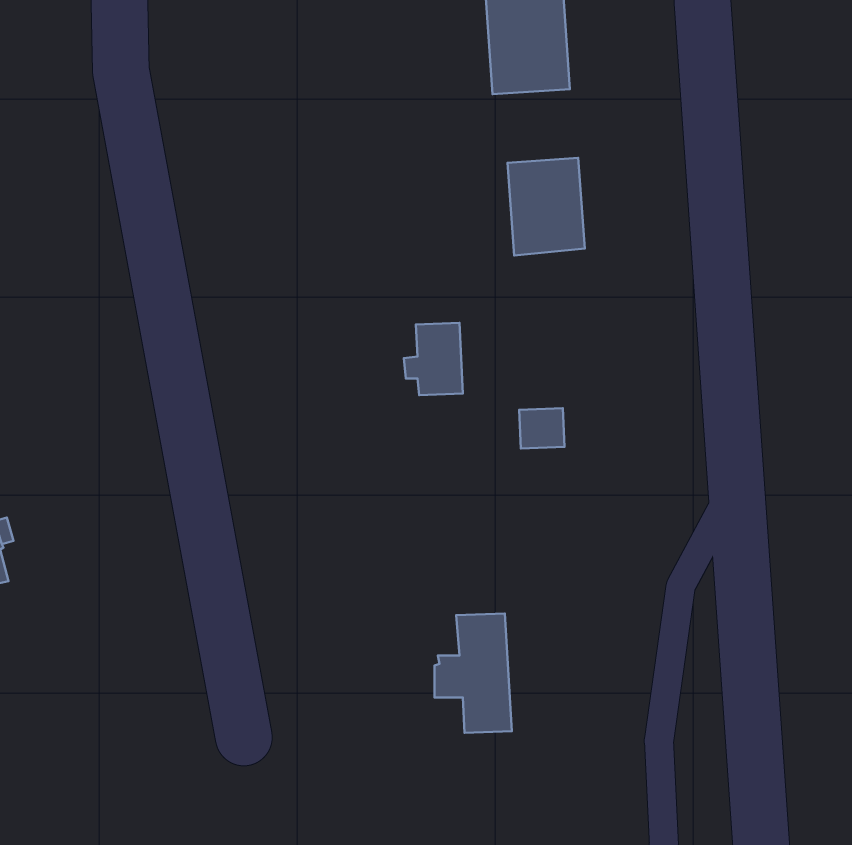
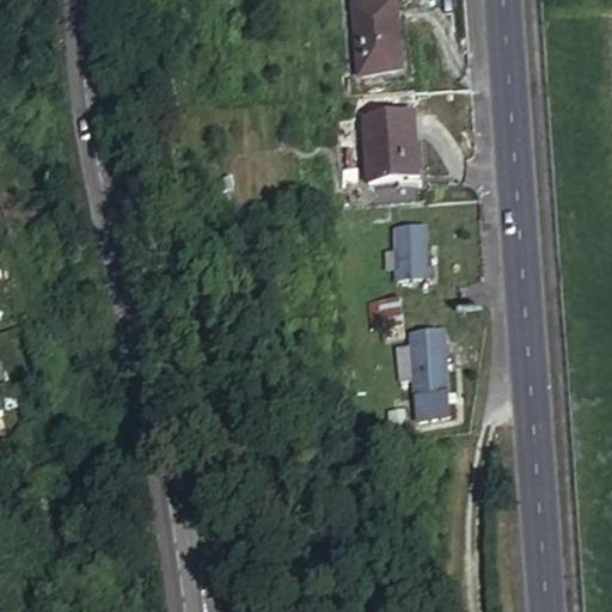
building: [404,323,463,395] -> [387,224,429,275]
building: [434,613,512,733] -> [394,329,449,414]

